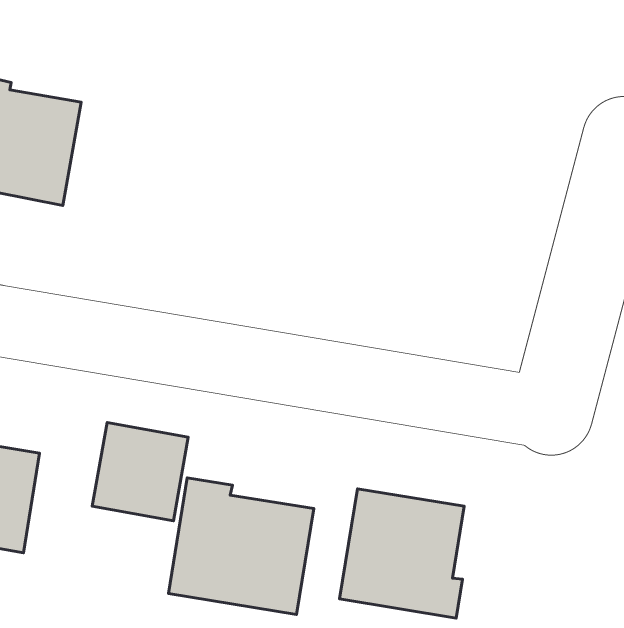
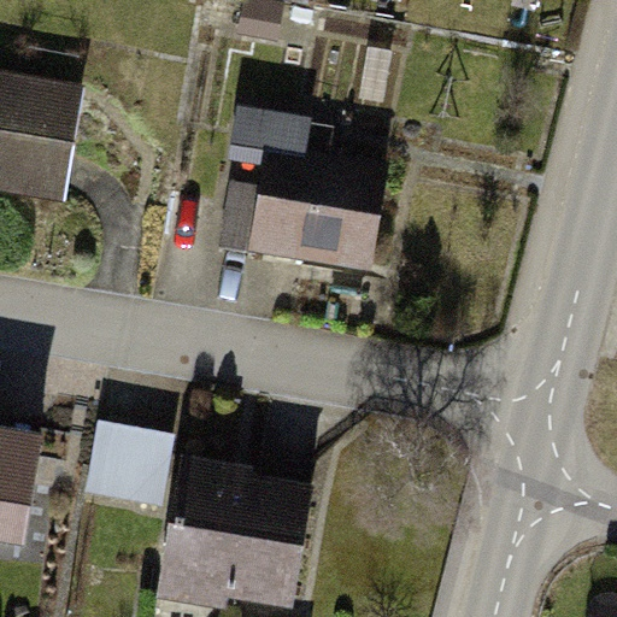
building: none -> [218,113,381,263]
building: [340,489,464,618] -> none

